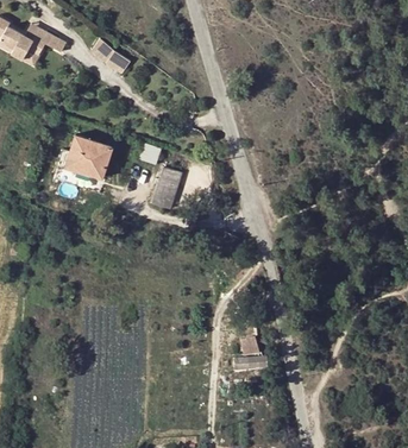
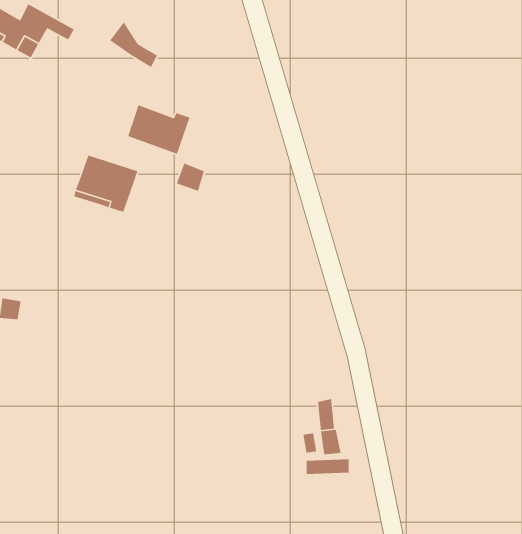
building: none -> [127,104,191,155]
building: [151,166,182,209] -> none

